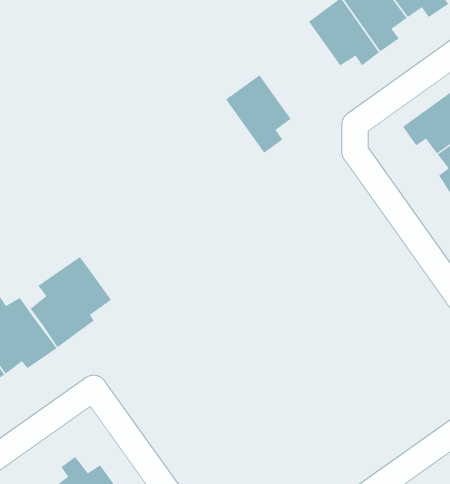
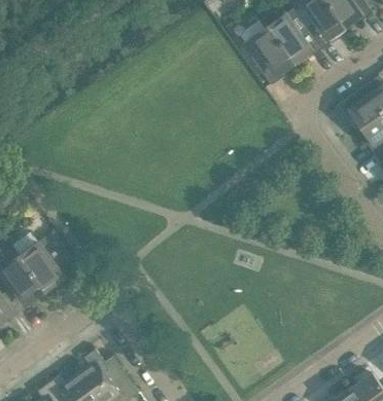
building: [225,75,292,153] -> [243,27,292,85]
building: [30,256,112,348] -> none

